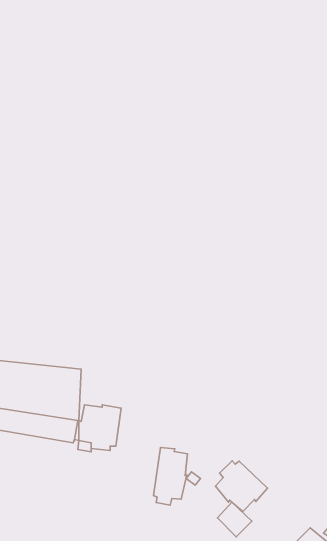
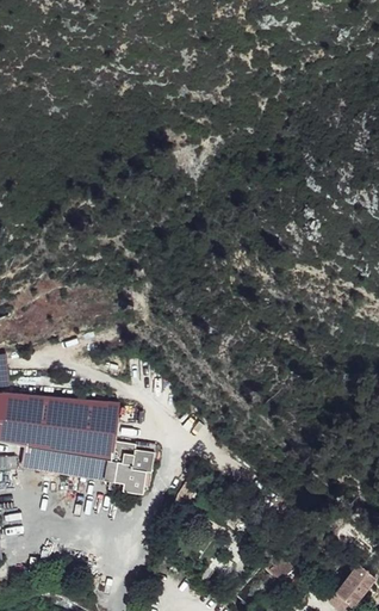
building: [153,447,188,505] -> none
building: [216,461,268,511] -> none

